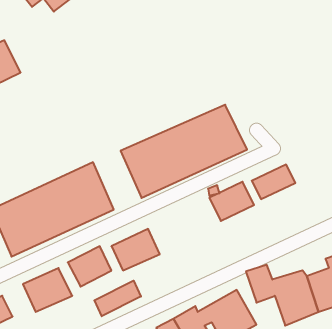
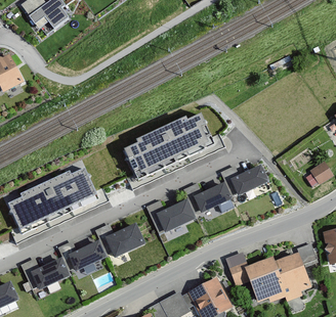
building: none -> [149,193,199,239]
building: [94,281,141,316] -> none

